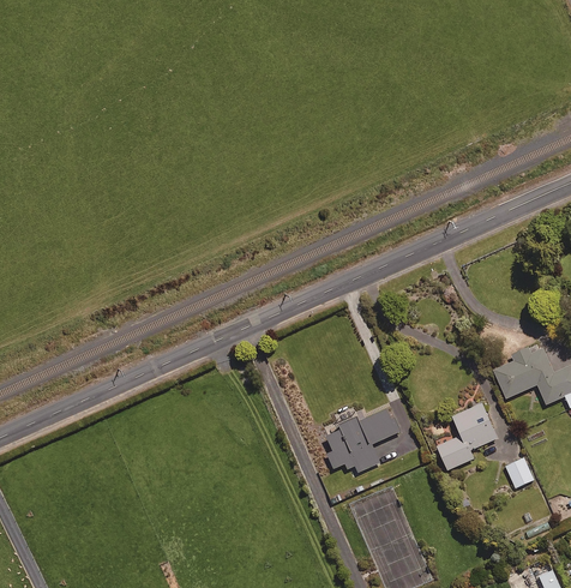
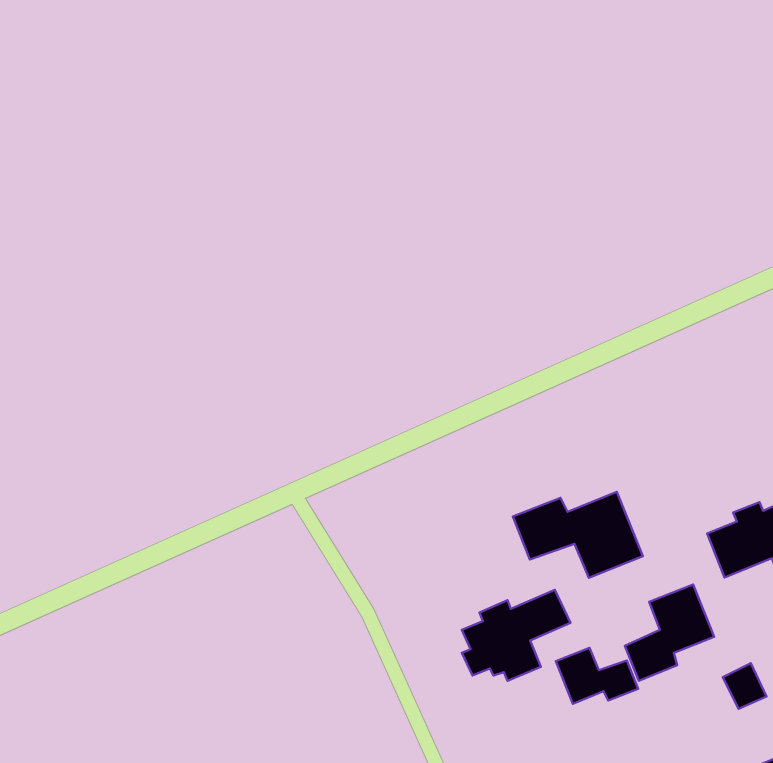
building: none -> [513,492,643,578]
building: none -> [556,648,638,704]

